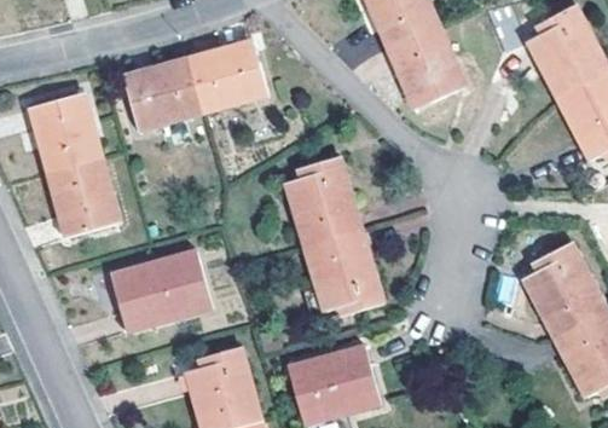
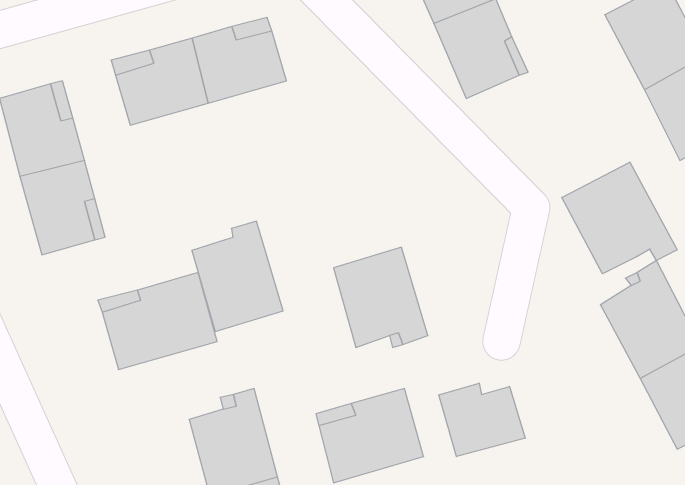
building: [285,156,360,247] -> [192,221,283,332]
building: none -> [562,162,677,274]
building: none -> [439,383,525,457]

